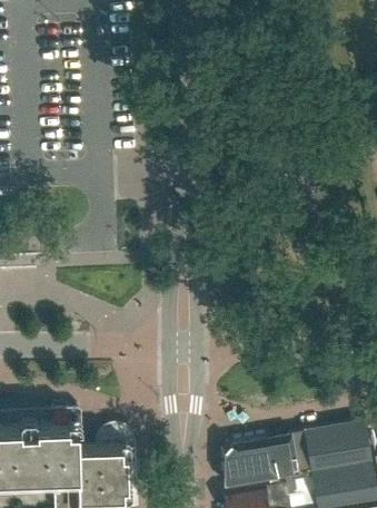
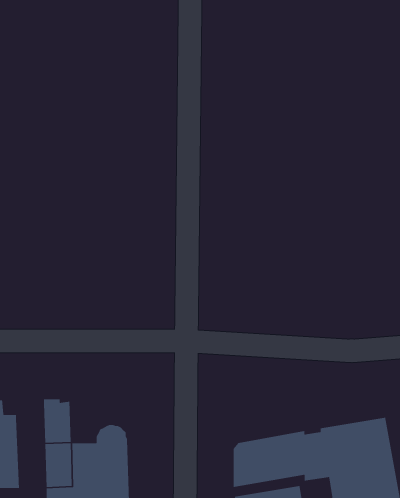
building: [23,416,50,495] -> none

